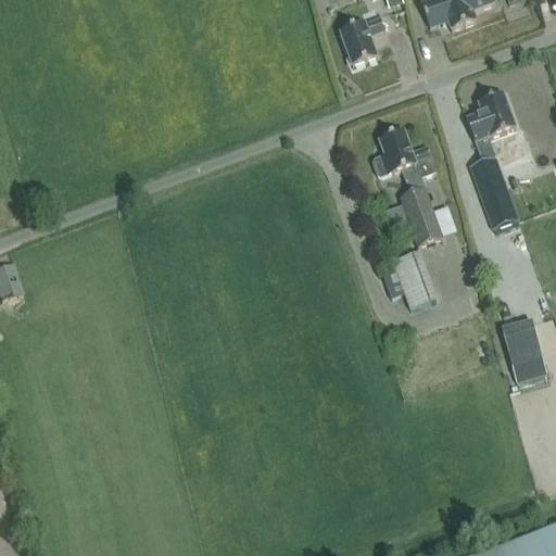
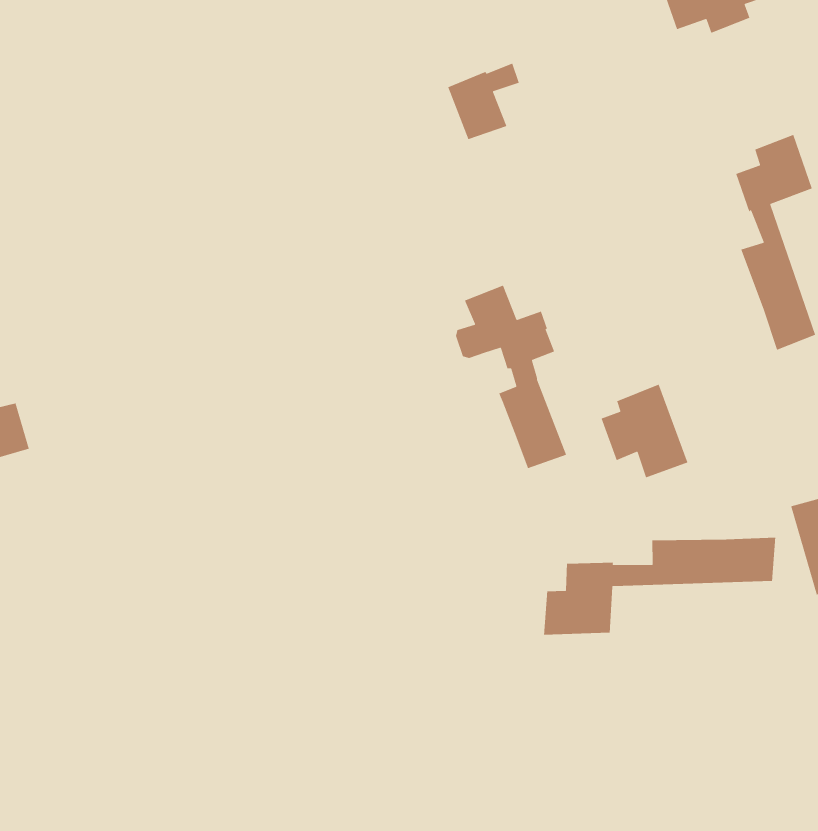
building: [339,15,384,64] -> [447,63,520,140]
building: [372,128,443,244] -> [455,285,567,469]
building: none -> [543,537,776,635]

